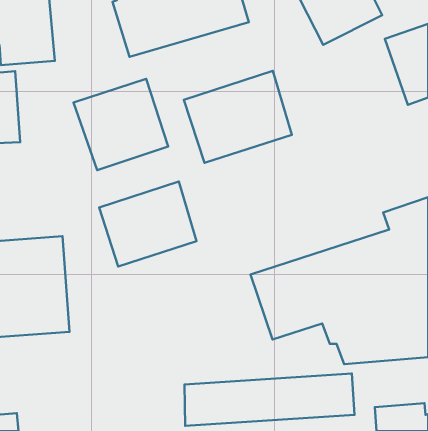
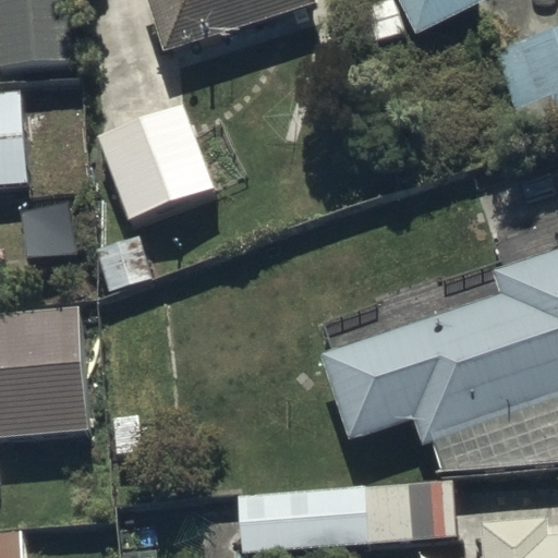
building: [184,71,292,163] -> none
building: [99,181,197,266] -> none

